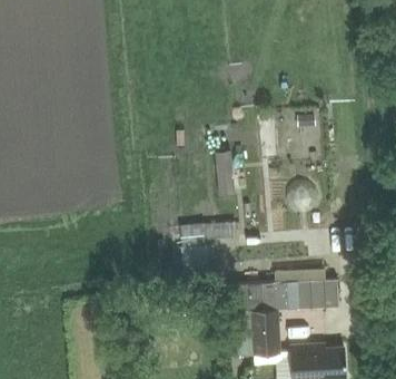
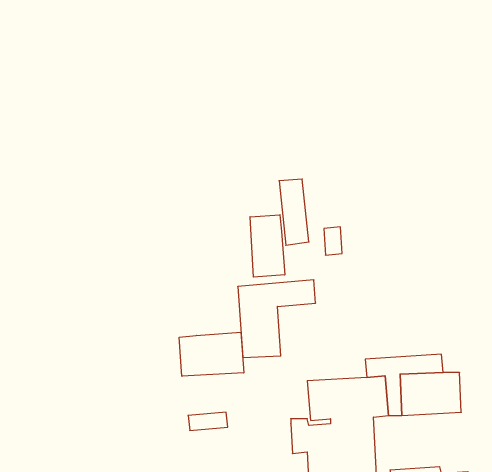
building: none -> [250,215,285,277]
building: none -> [179,332,244,376]

